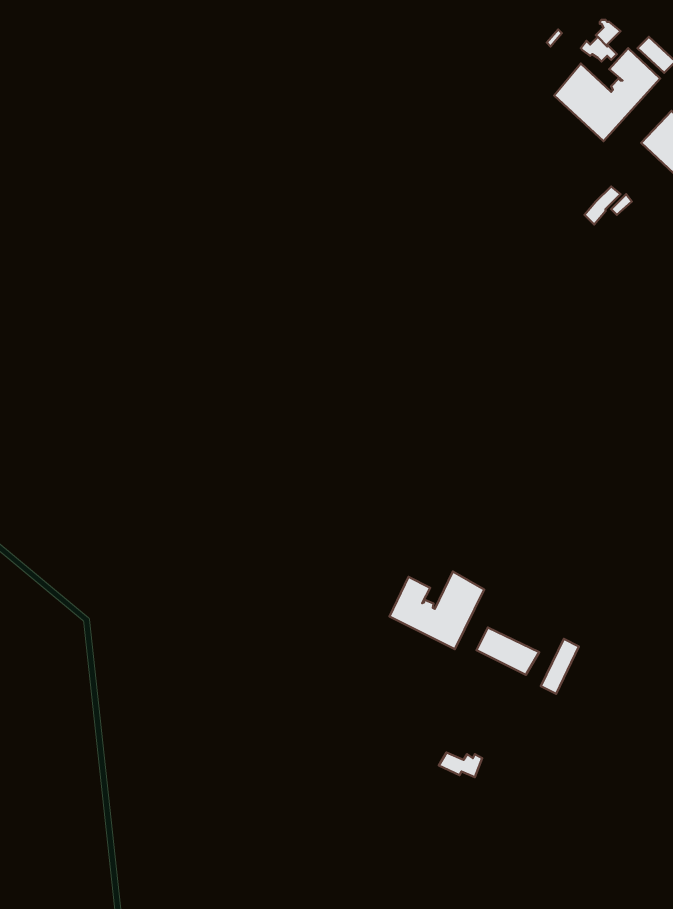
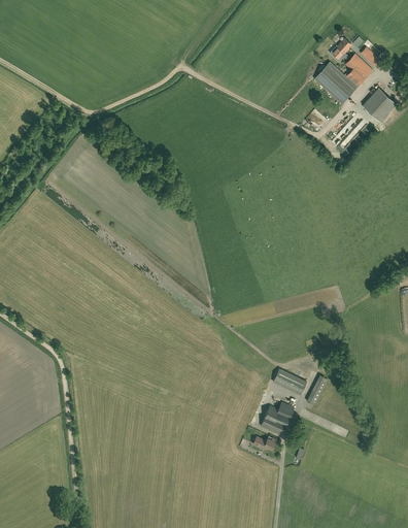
building: [390,572,484,649] -> none
building: none -> [260,401,294,434]

